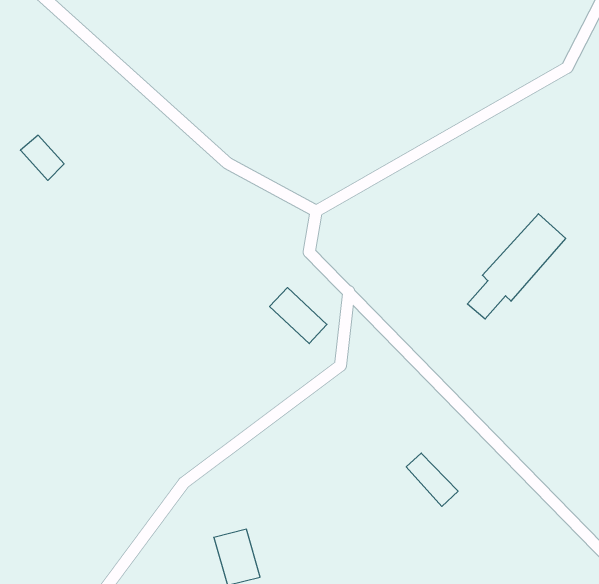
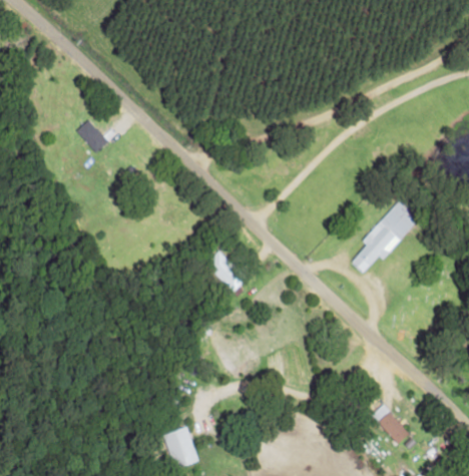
building: [20,135,64,180] -> [76,119,108,152]
building: [406,453,458,506] -> [372,405,410,444]

